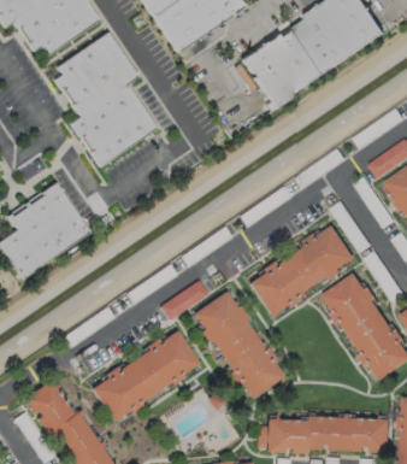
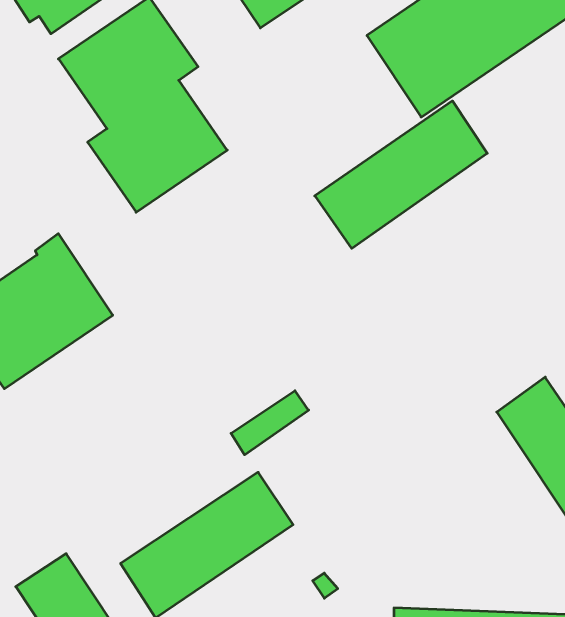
building: [248,223,355,315] -> [315,101,487,248]
building: [193,289,281,397] -> none

